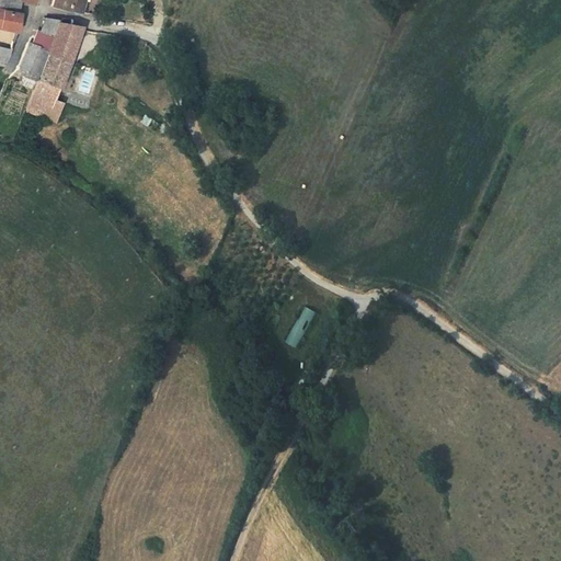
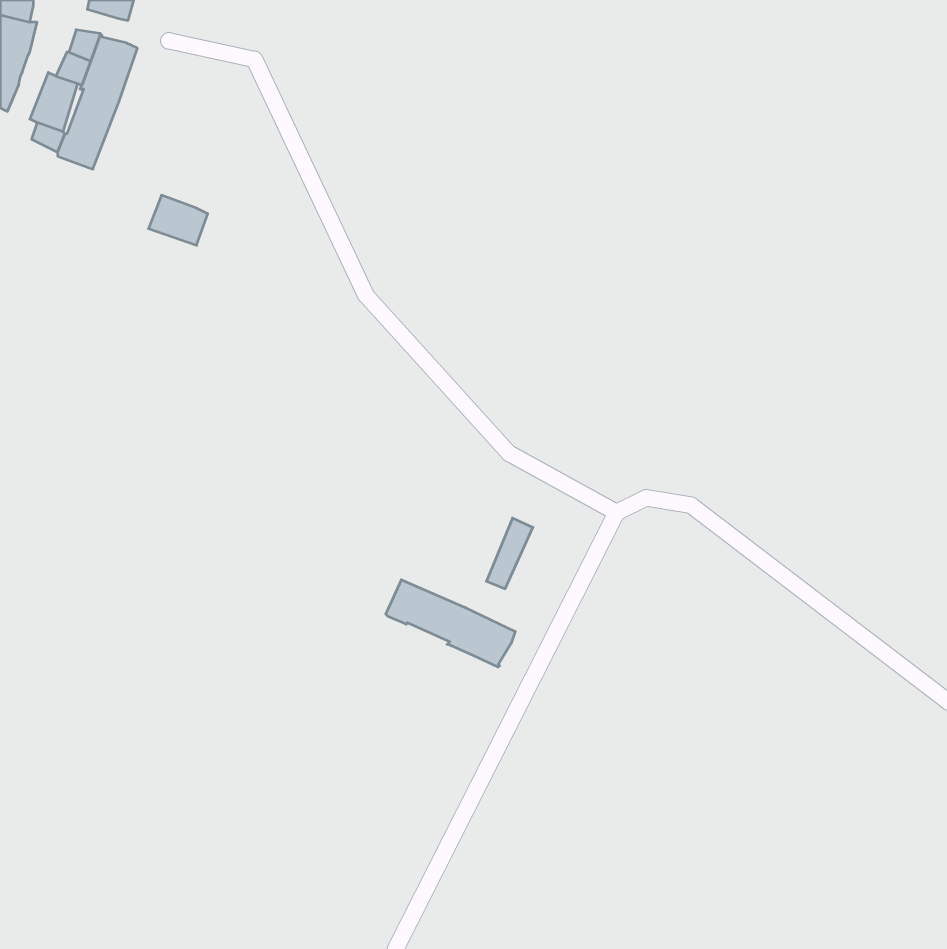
building: [27,92,62,122] -> [148,195,208,245]
building: none -> [386,580,515,667]

